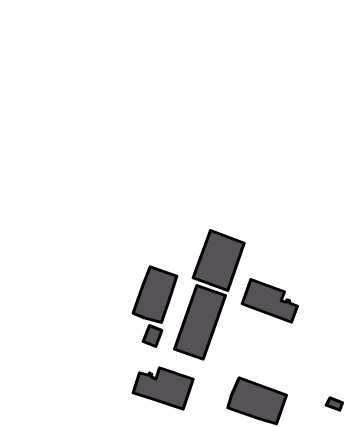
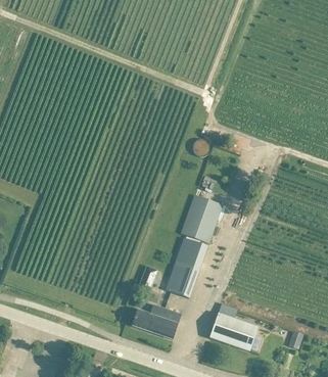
building: [133,267,177,322] -> none
building: [242,280,298,322] -> none

